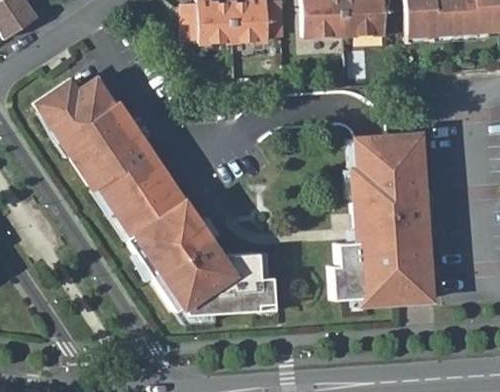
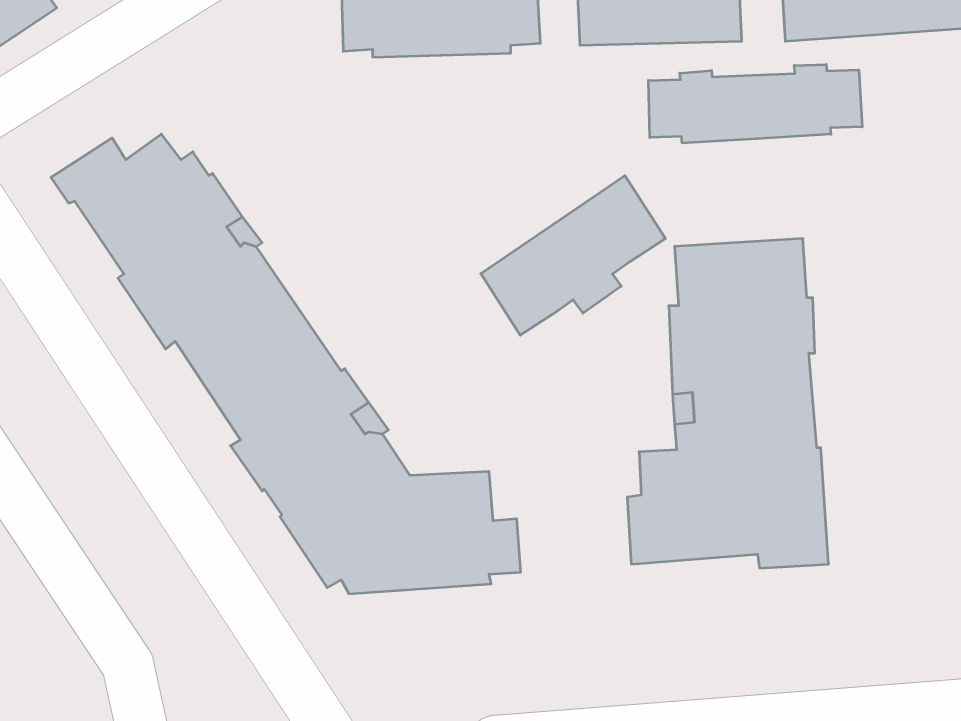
building: none -> [648,64,862,143]
building: none -> [481,176,665,335]

